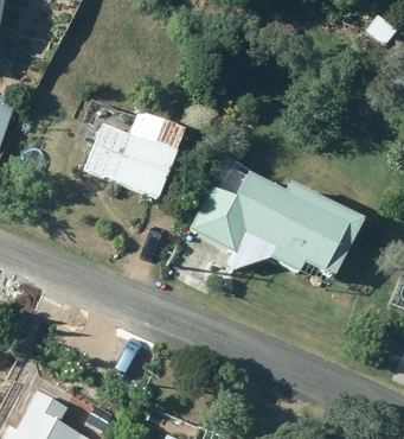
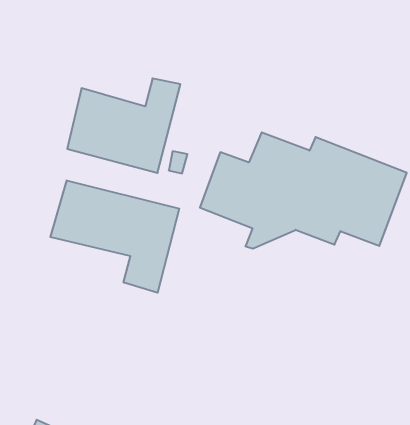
building: none -> [50,180,179,293]

